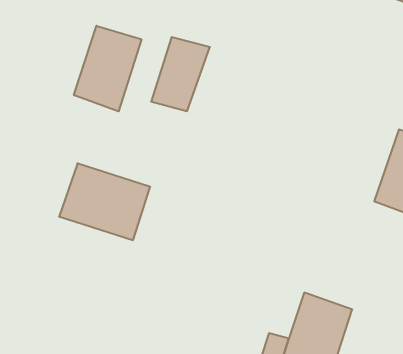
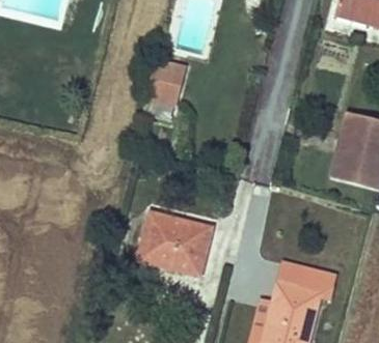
building: [74,26,141,111] -> none
building: [59,163,150,240] -> [134,217,208,277]

